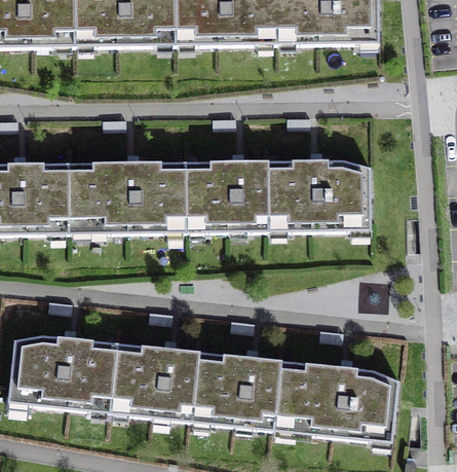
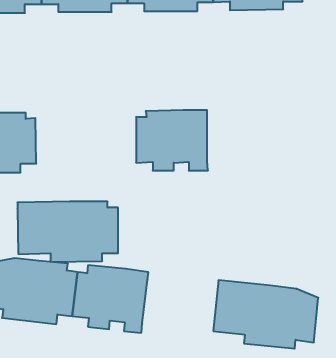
building: [266,160,368,230] -> none
building: [65,161,183,232] -> [17,202,118,262]
building: [190,352,279,430] -> none

